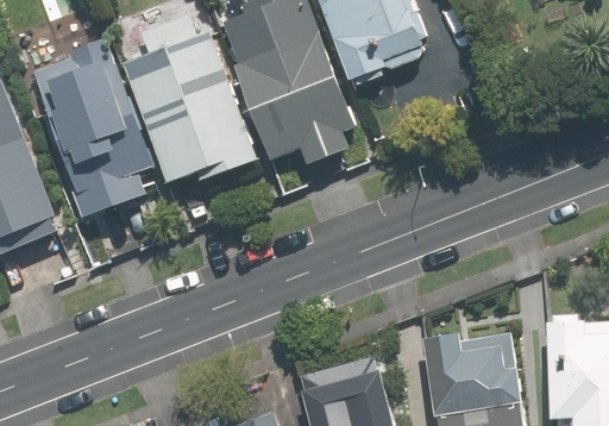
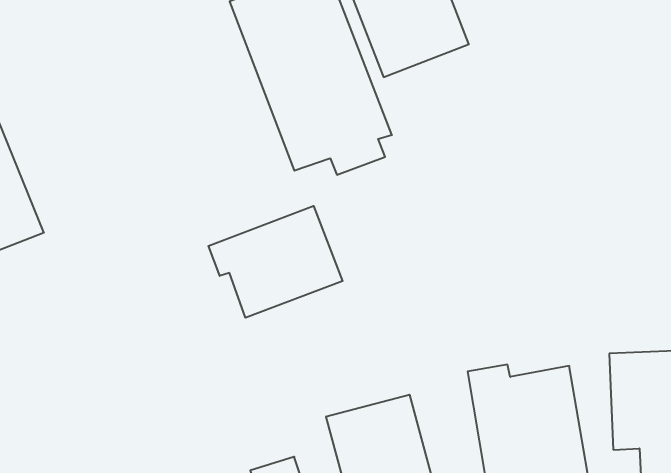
building: [126,32,258,188] -> none
building: [30,39,153,219] -> none
building: none -> [208,206,343,318]

